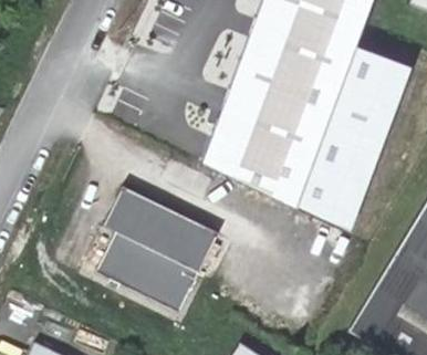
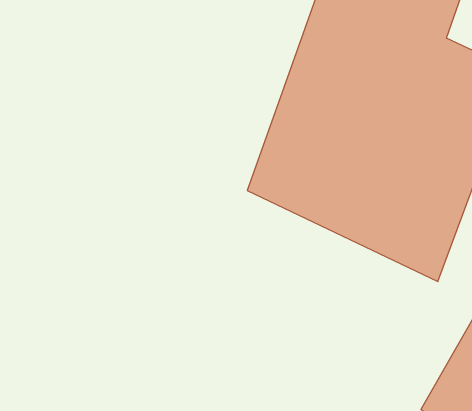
building: [94,184,217,311] -> none

